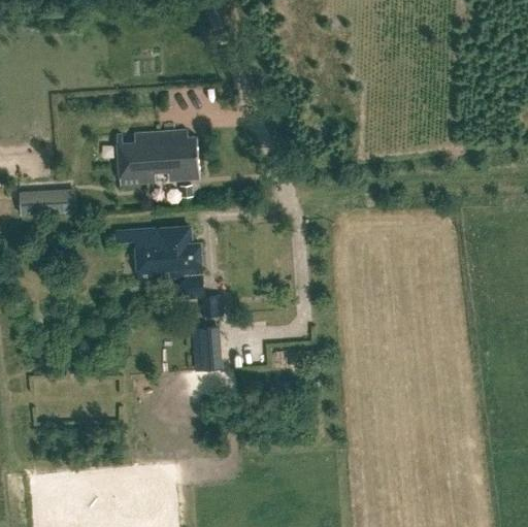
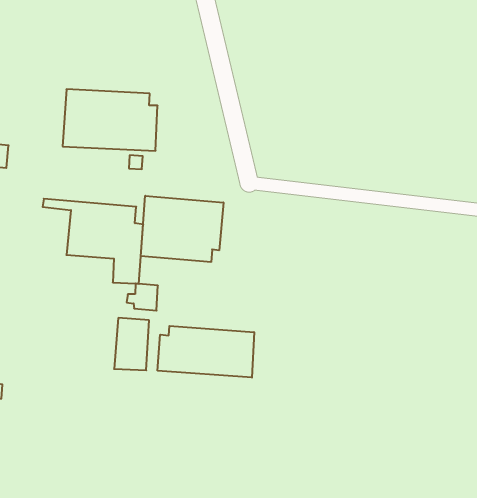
building: none -> [141,196,223,262]
building: none -> [158,326,254,378]

